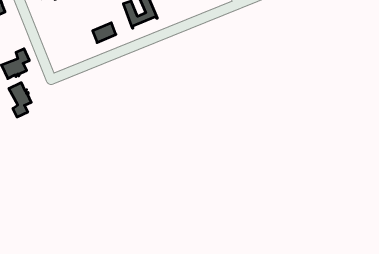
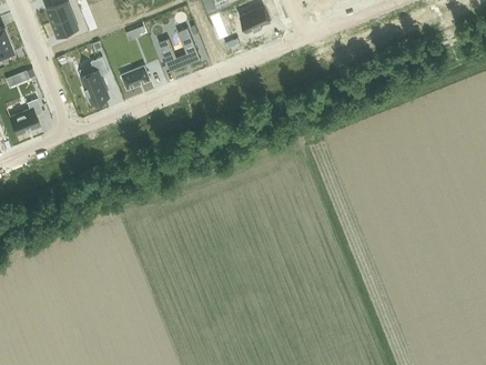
building: none -> [81,58,109,103]
building: [9,83,31,117] -> none

